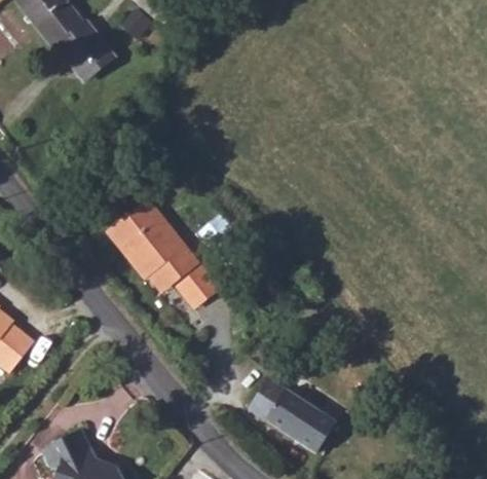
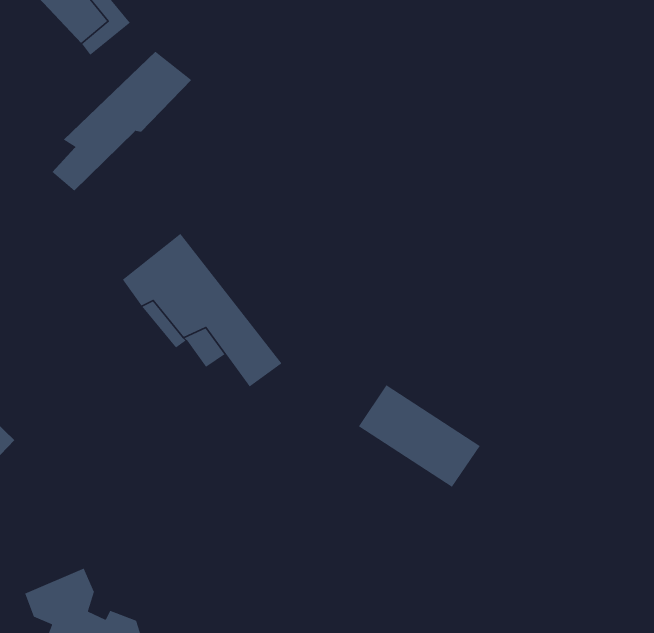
building: none -> [52,51,192,191]
building: [251,379,335,450] -> [358,384,481,488]

